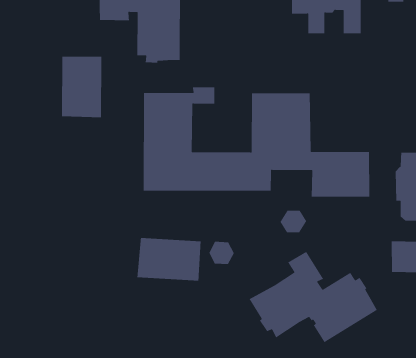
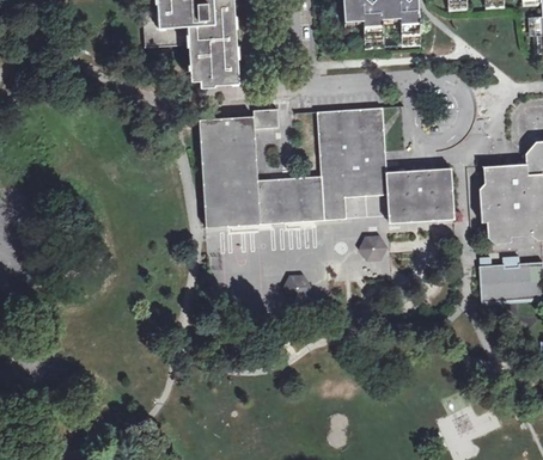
building: [61,56,102,118] -> none
building: [137,237,202,282] -> none
building: [248,251,378,343] -> none

